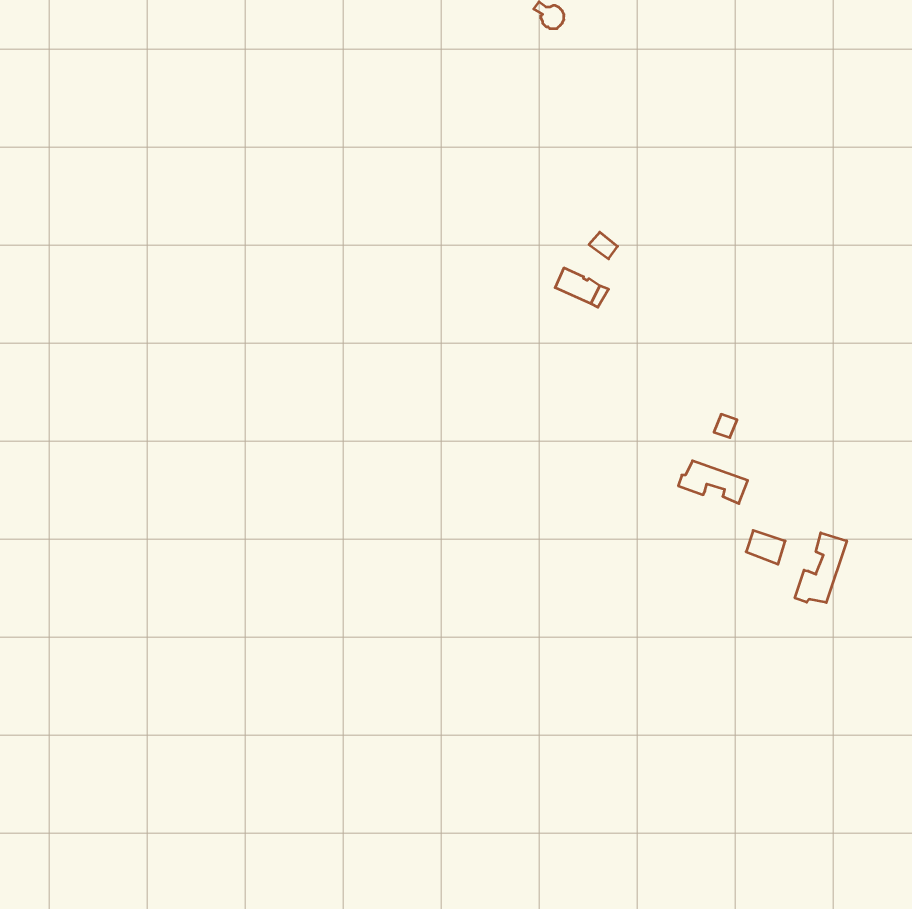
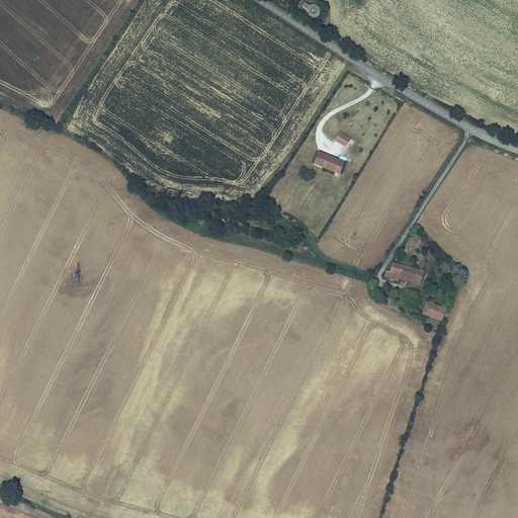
building: [795,533,847,603] -> none

